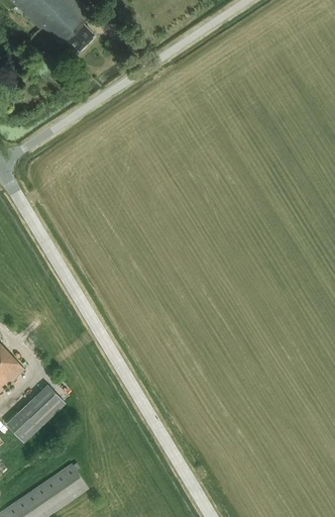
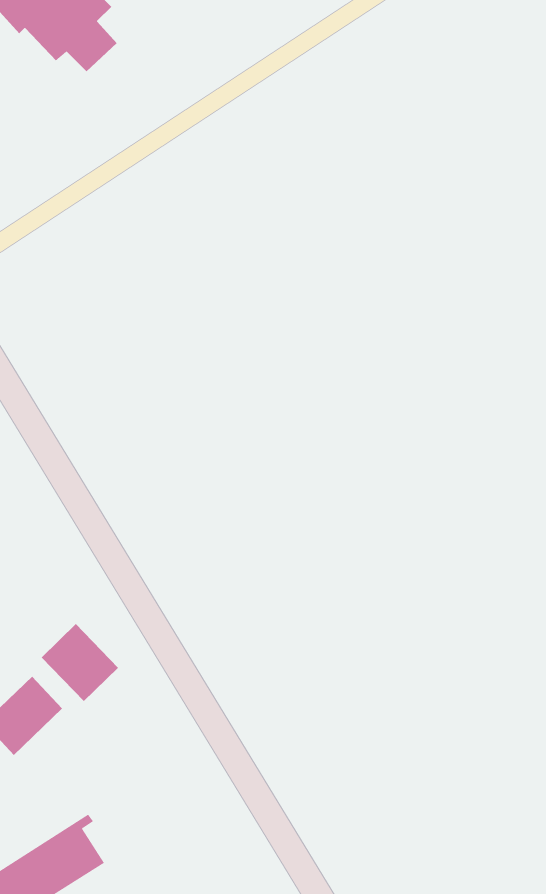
building: none -> [41,623,119,702]

